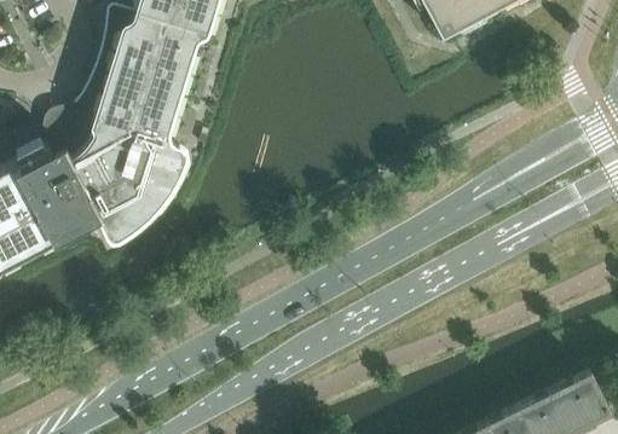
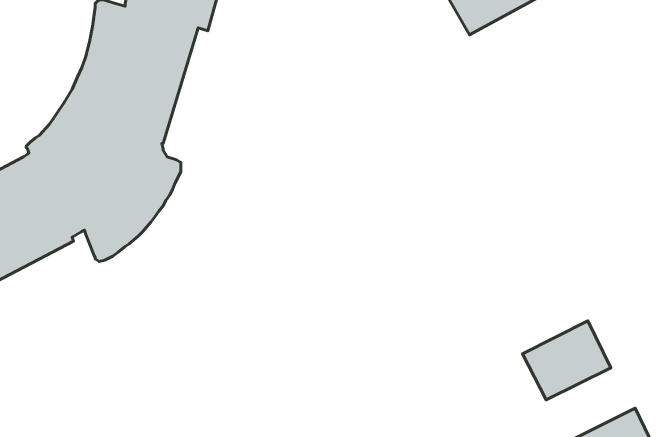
building: none -> [523,321,611,400]

